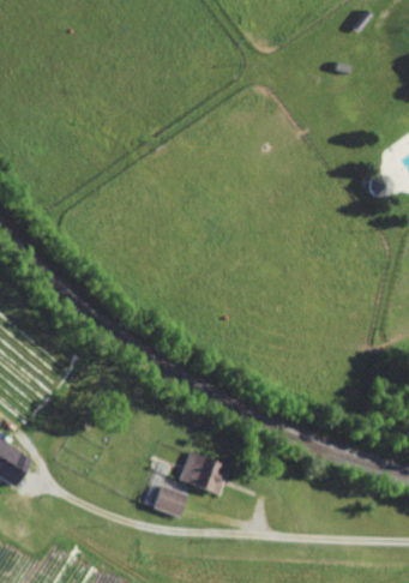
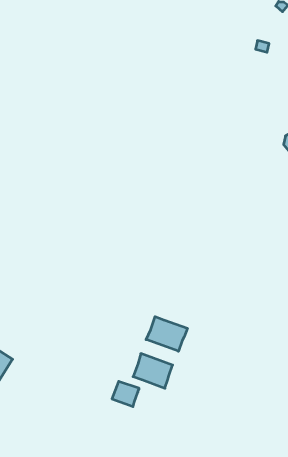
building: none -> [146,317,187,351]

